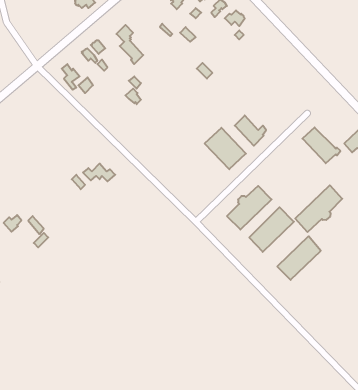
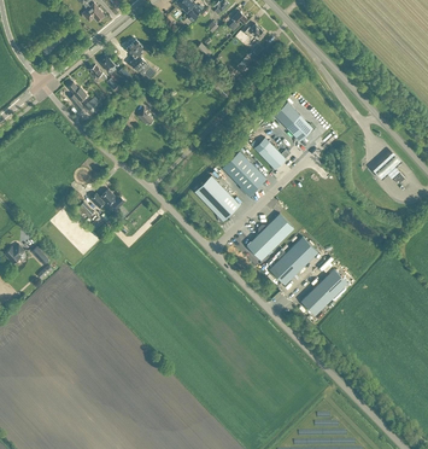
building: [302,127,340,163] -> [274,103,315,141]
building: none -> [195,176,239,222]
building: [295,185,342,232] -> none

